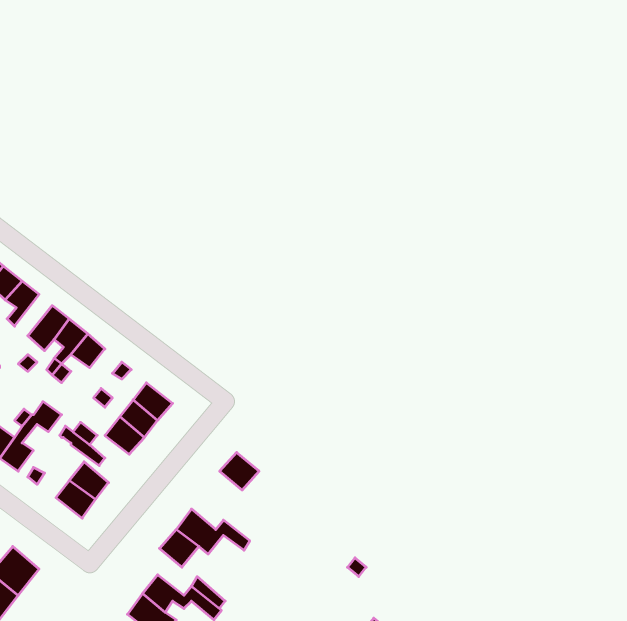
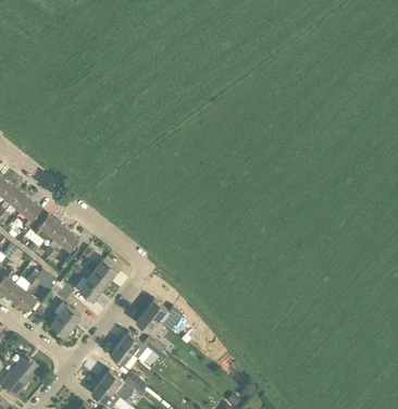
building: none -> [135,310,165,350]

